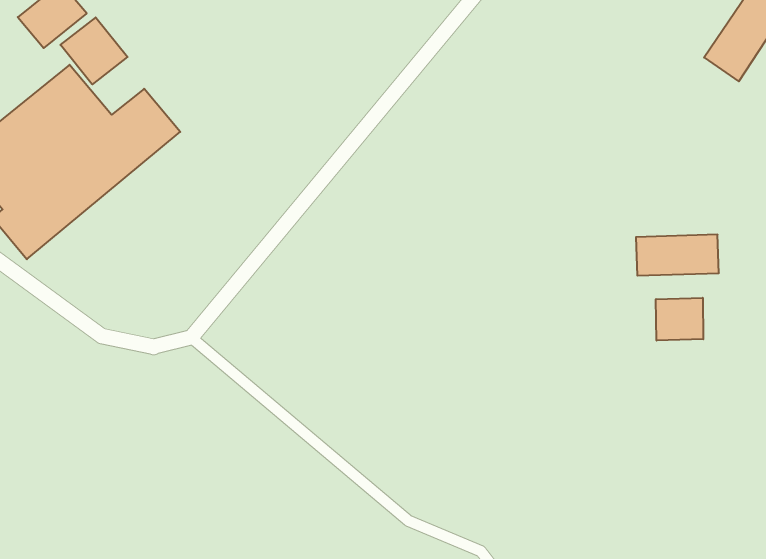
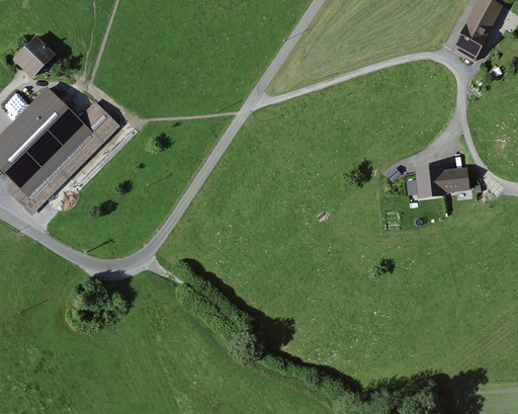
building: [60,17,128,84] -> none
building: [656,298,703,341] -> none

